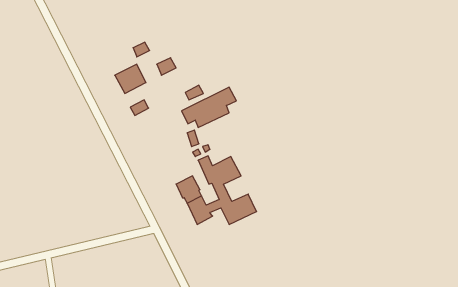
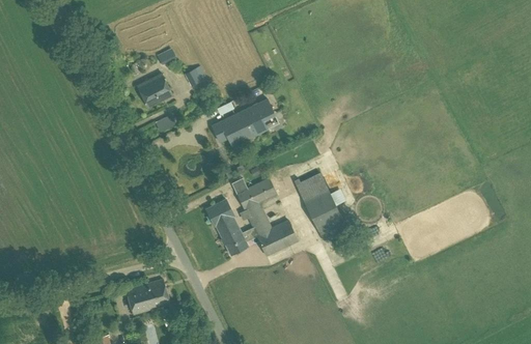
building: none -> [294,172,347,241]
building: none -> [125,279,170,314]

